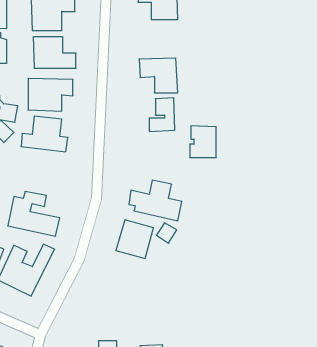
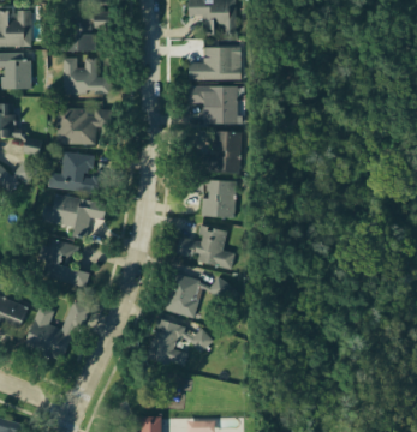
building: none -> [184,46,232,82]
building: [190,126,216,157] -> [198,178,230,215]
building: none -> [40,193,106,239]
building: none -> [145,319,214,367]

